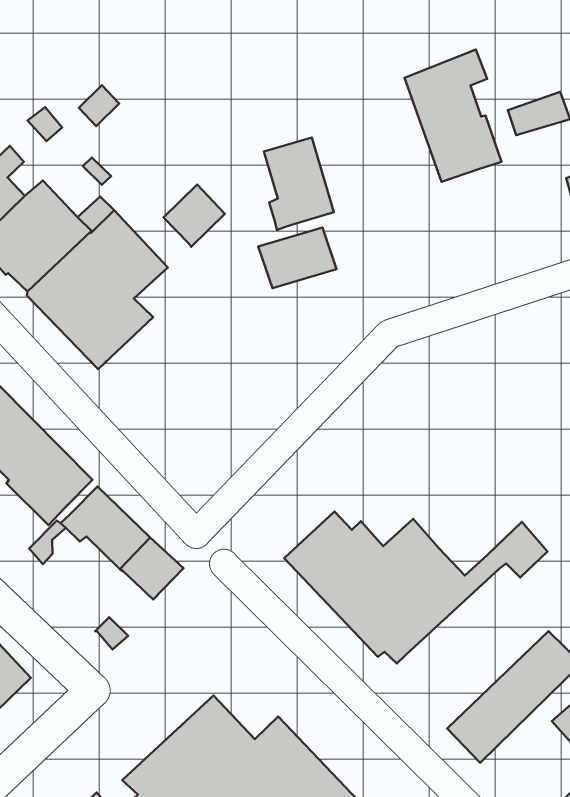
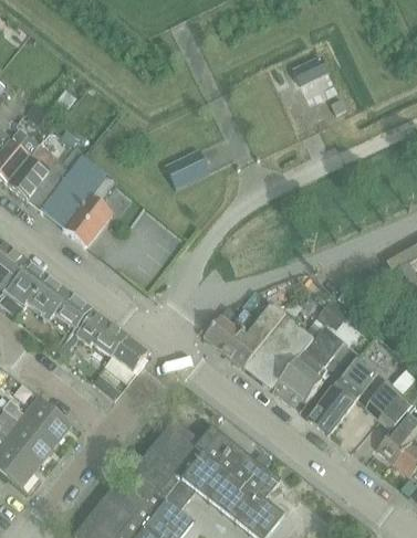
building: [405,50,501,182] -> none
building: [264,138,334,230] -> none
building: [164,185,225,247] -> none
building: none -> [279,326,344,403]

